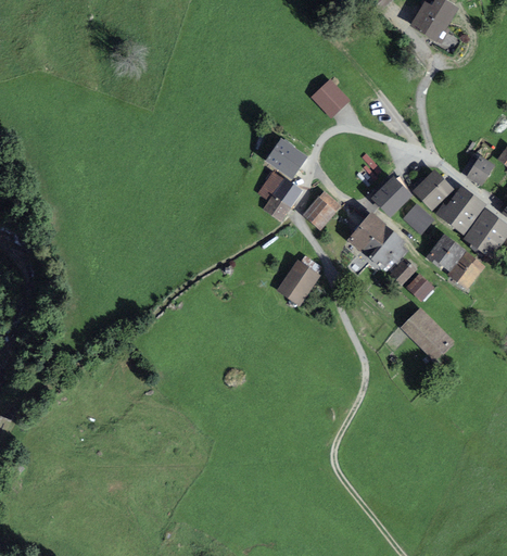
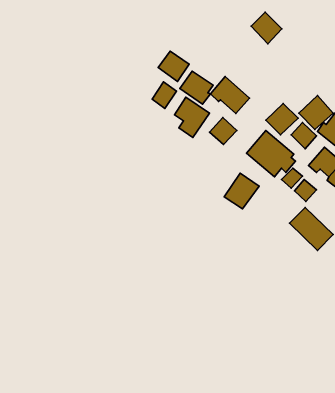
building: [313,78,351,117] -> [251,12,282,44]
building: none -> [158,51,189,81]
building: none -> [210,77,250,113]
building: none -> [152,82,177,108]
building: [277,260,320,304] -> [224,173,259,209]

